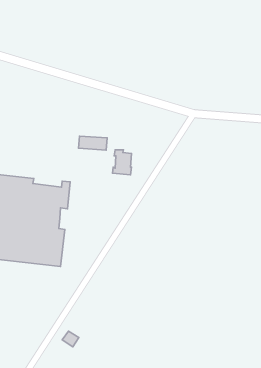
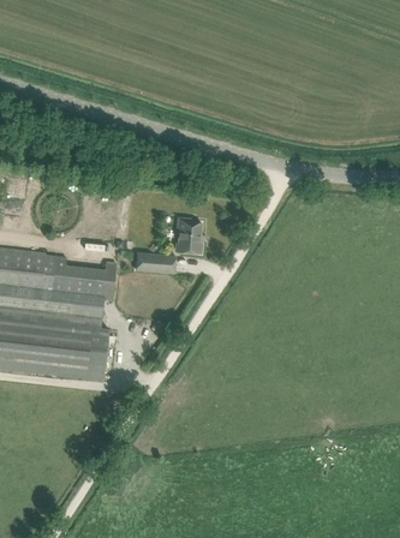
building: [79,136,107,150] -> [136,253,175,273]

